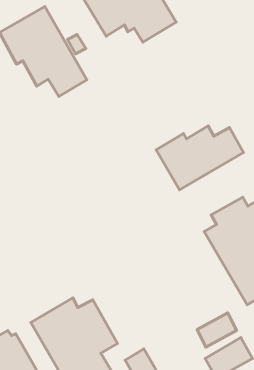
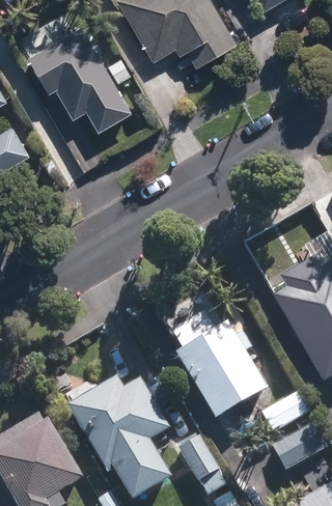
building: [156,126,244,190] -> none
building: none -> [170,309,266,418]

